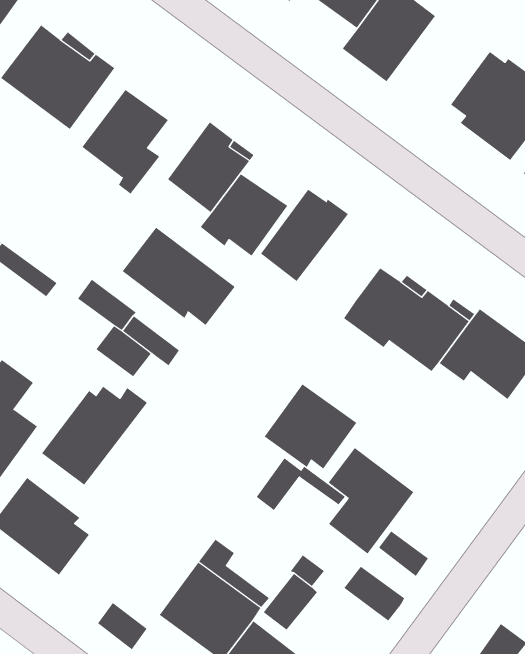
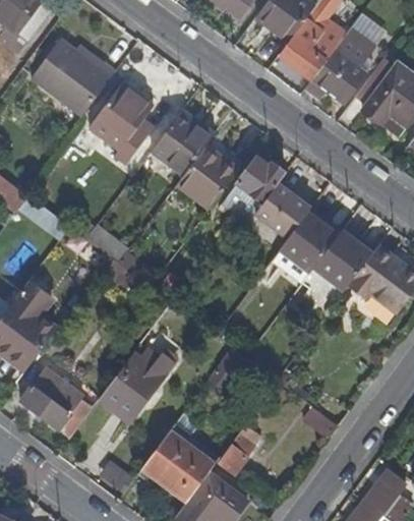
building: none -> [303,28,370,102]
building: none -> [250,183,307,238]
building: [122,227,236,326] -> none
building: [264,384,357,470] -> none
building: [41,386,148,486] -> [99,349,176,421]
building: [328,447,414,555] -> none
building: [344,566,405,622] -> none

